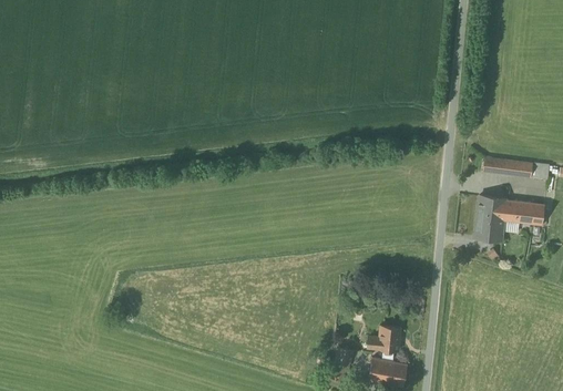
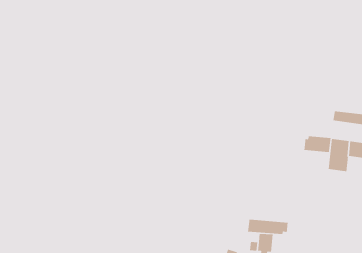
building: none -> [304,136,331,153]
building: none -> [248,219,288,235]

